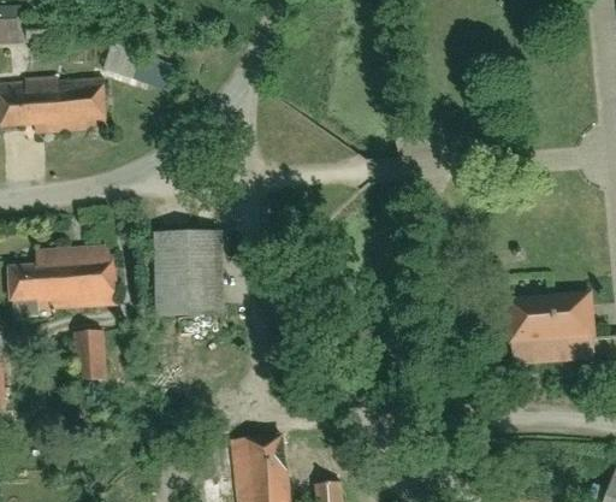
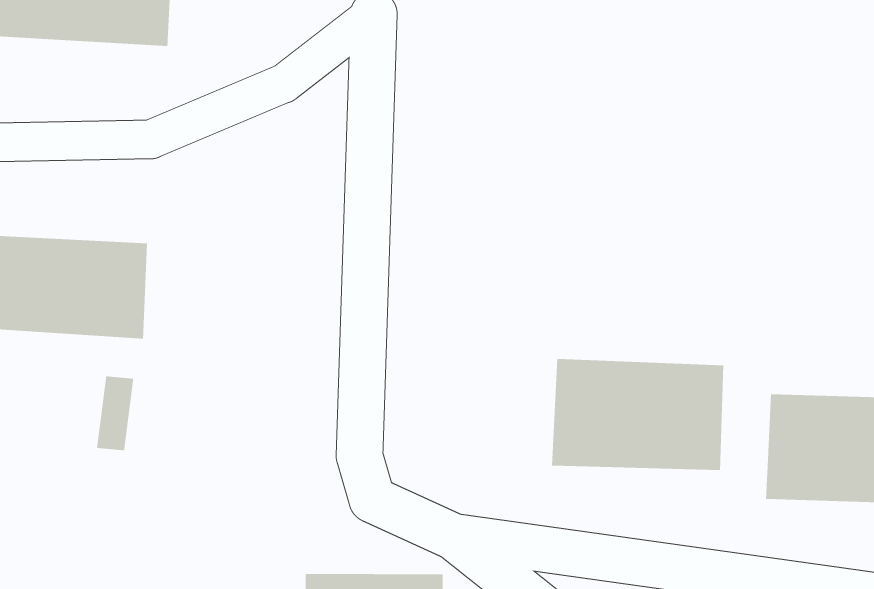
building: [152,231,225,336] -> none
building: none -> [551,358,724,471]

